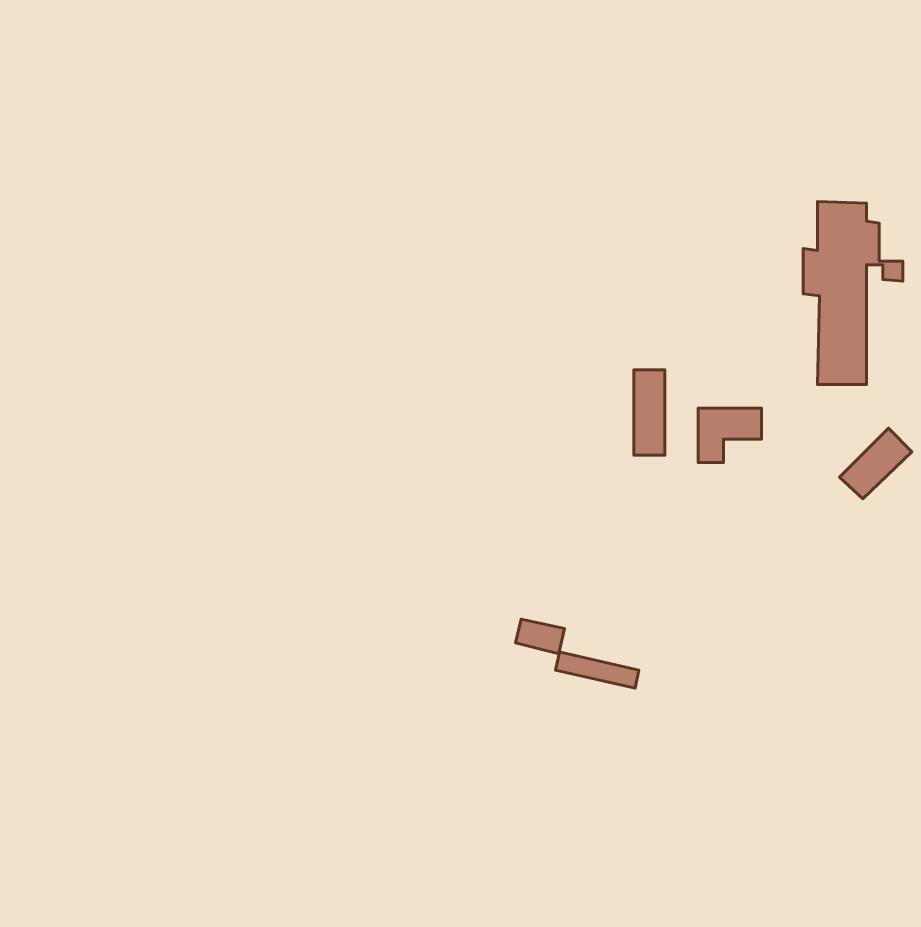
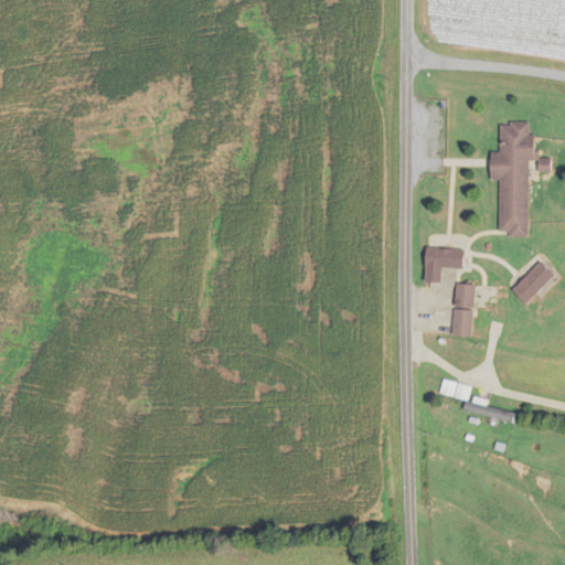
building: [634,370,665,455] -> [454,282,472,334]
building: [516,619,639,688] -> [439,380,514,422]

